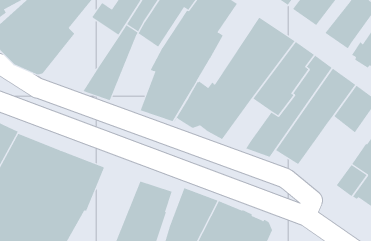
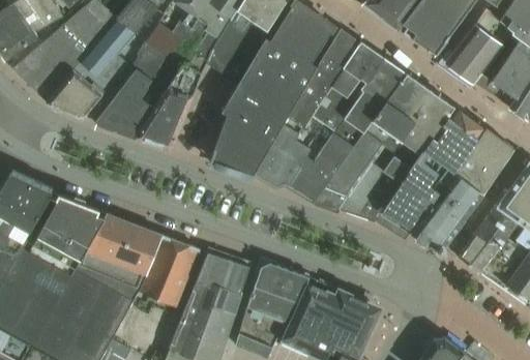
building: none -> [284,29,360,132]
building: none -> [94,44,181,138]
building: none -> [314,147,376,211]
building: none -> [411,170,483,247]
building: none -> [140,236,199,307]

